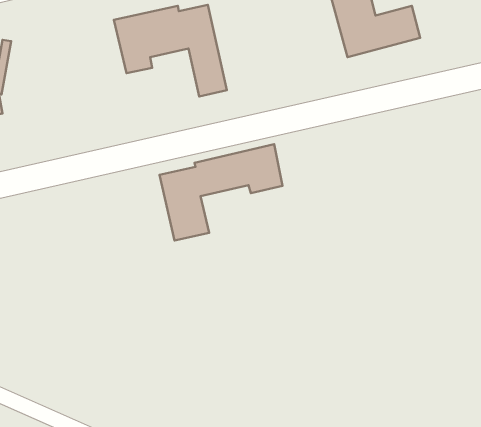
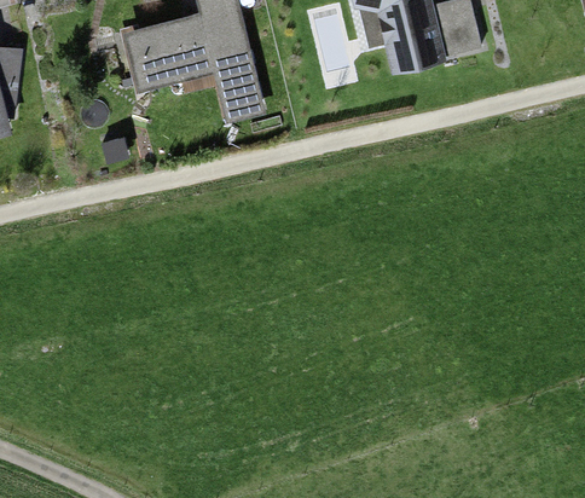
building: [160,144,283,241] -> none

